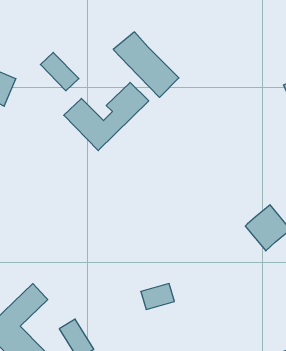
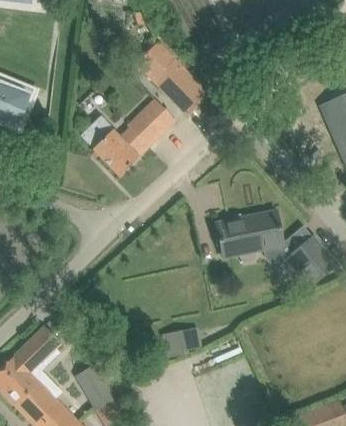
building: [40,52,79,91] -> none
building: none -> [216,210,287,264]

